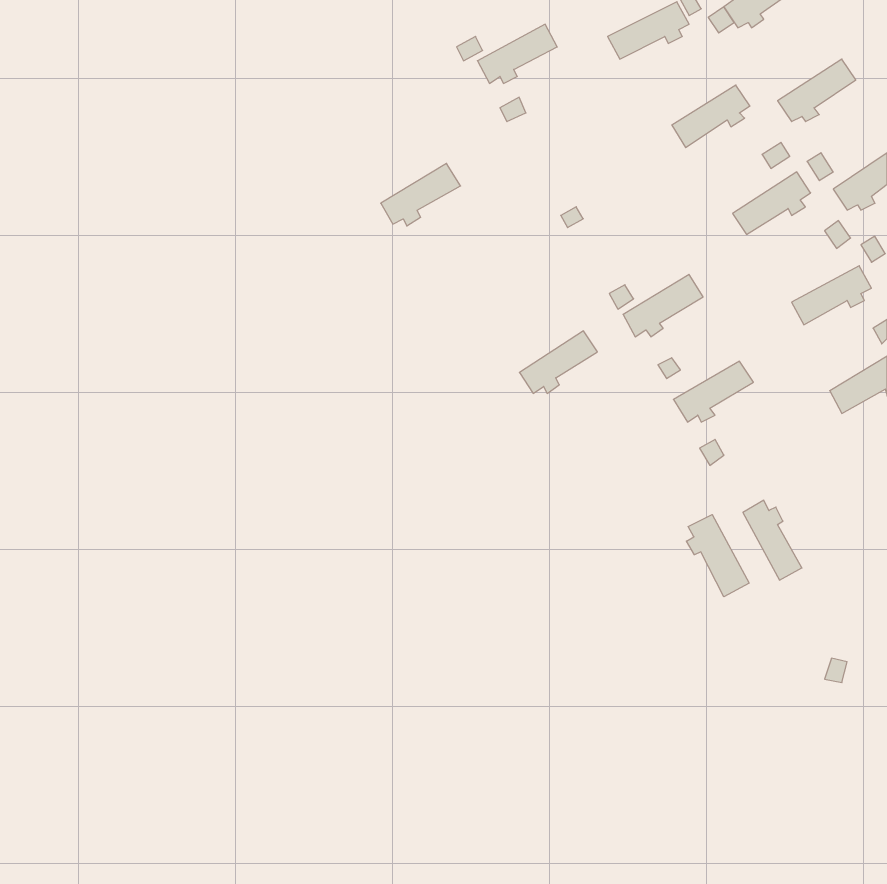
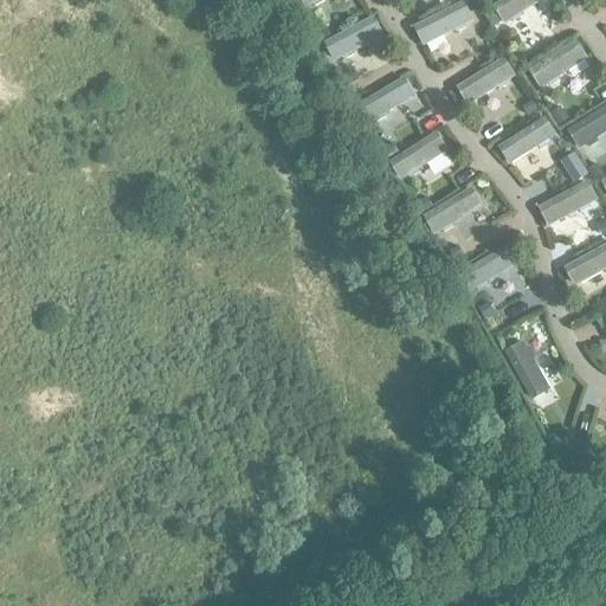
building: [381,163,461,226] -> [357,77,412,120]
building: [519,331,597,393] -> [391,133,444,175]
building: [686,515,749,597] -> none

